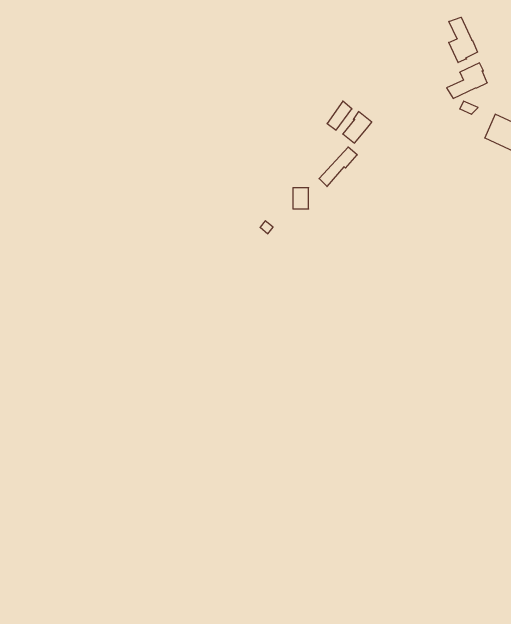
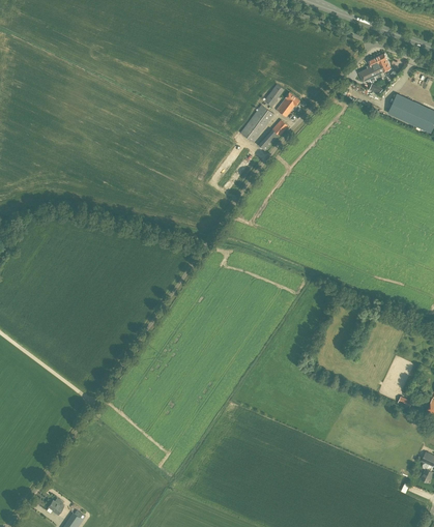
building: [449,17,478,63] -> none
building: none -> [240,106,274,143]

